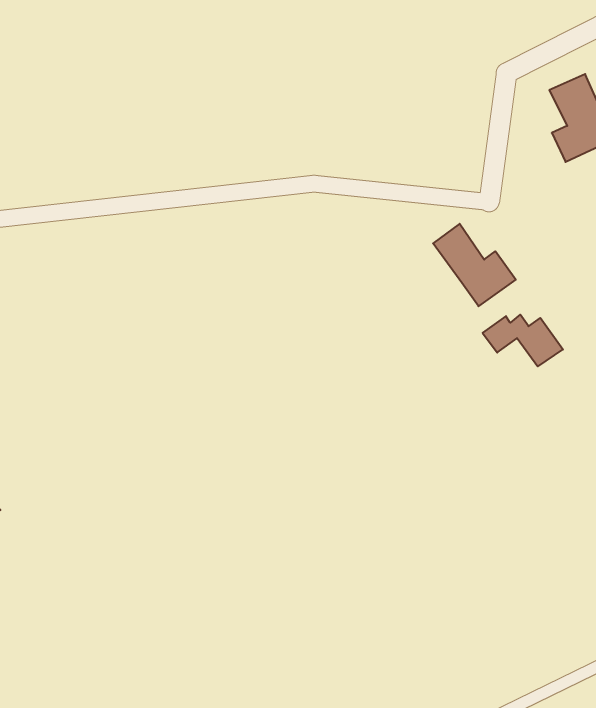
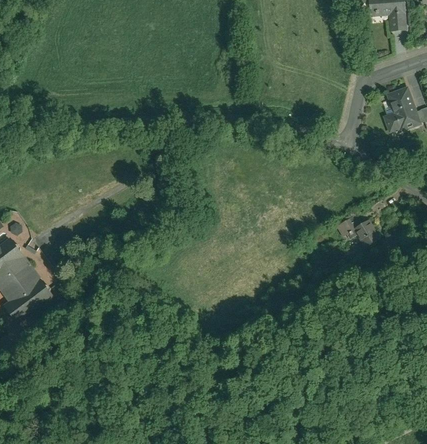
building: [433,224,516,306] -> none

